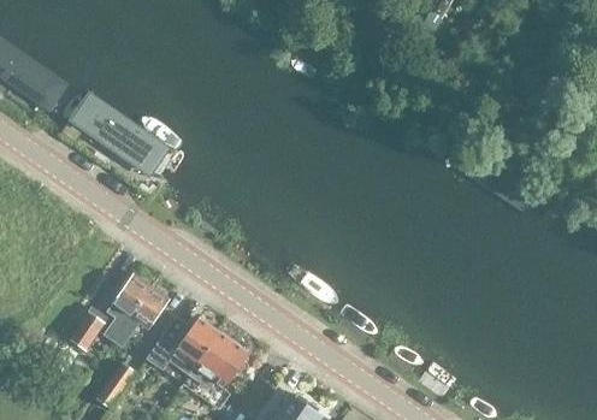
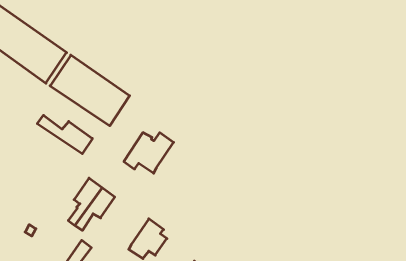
building: none -> [37,115,92,154]
building: [67,310,104,350] -> none
building: [146,317,218,375] -> [124,133,174,173]

